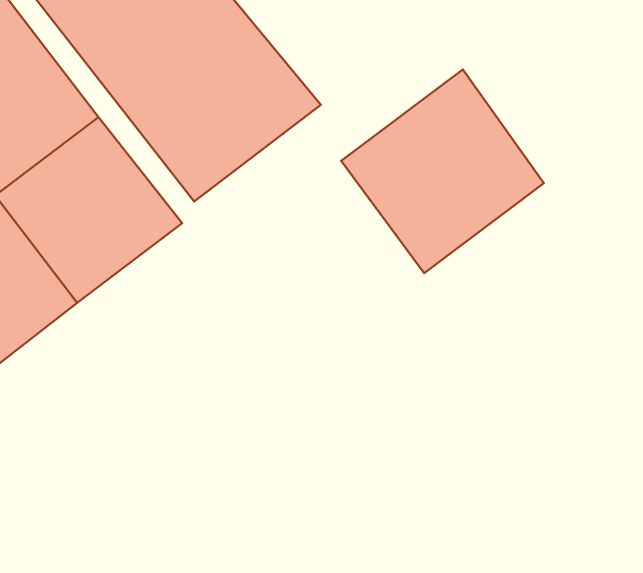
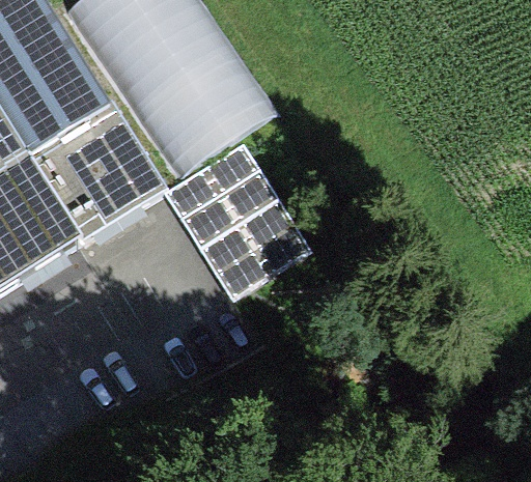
building: [341,70,544,273] -> none
building: none -> [160,132,305,292]

